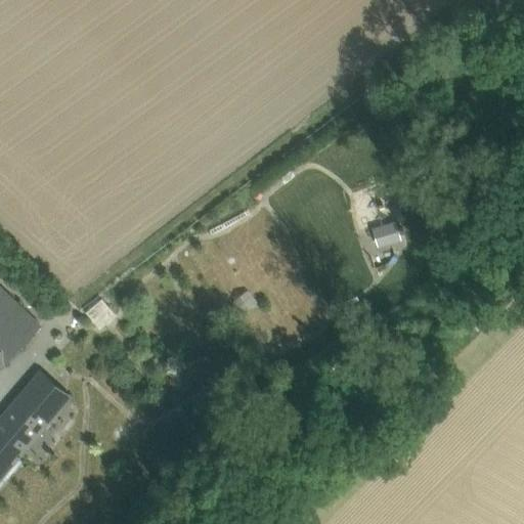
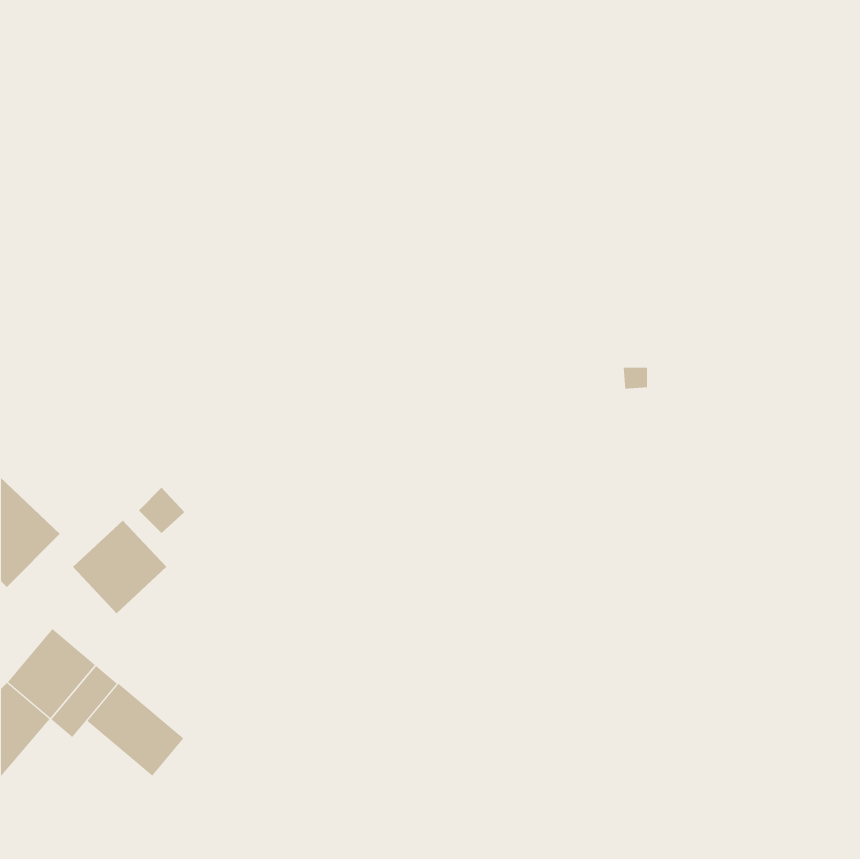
building: none -> [72,520,167,614]
building: none -> [87,683,184,776]

